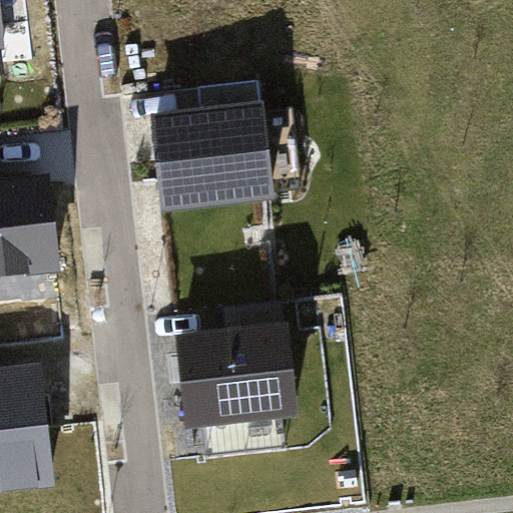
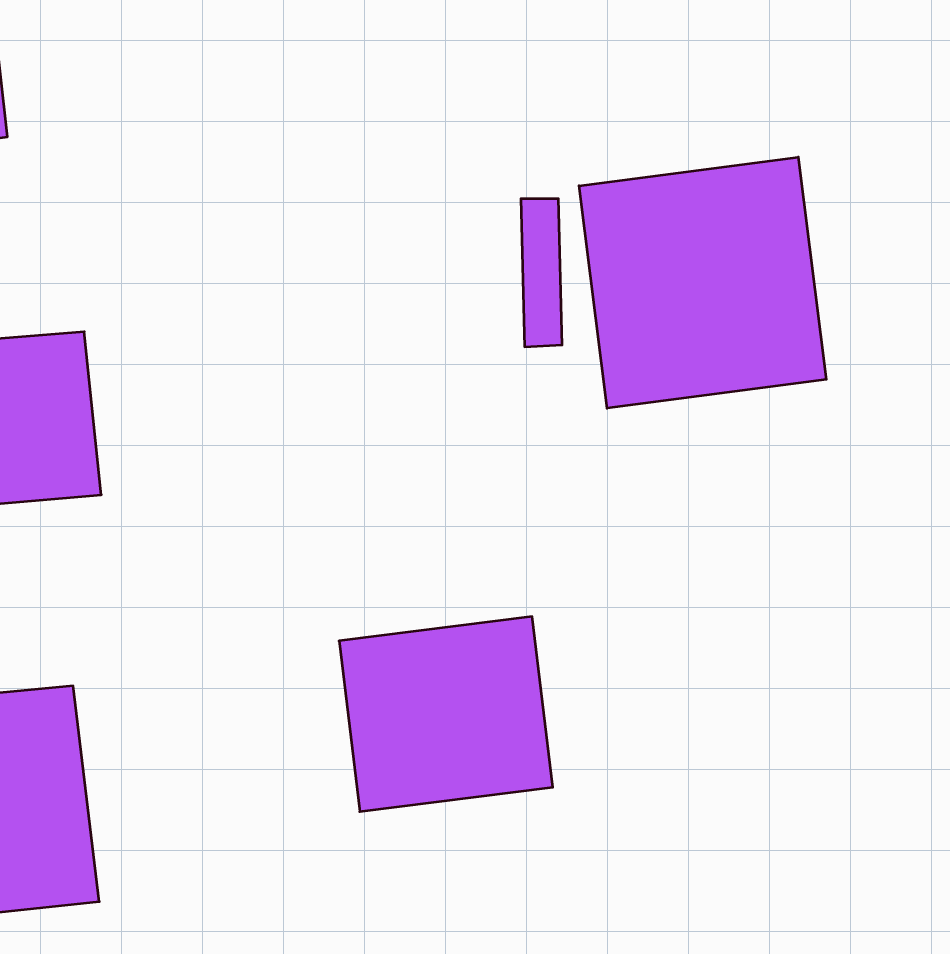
building: none -> [579,157,826,408]
building: [154,104,269,206] -> none

